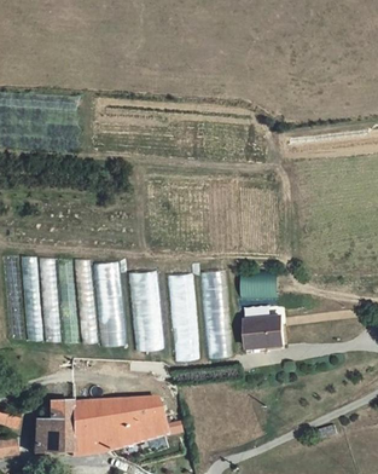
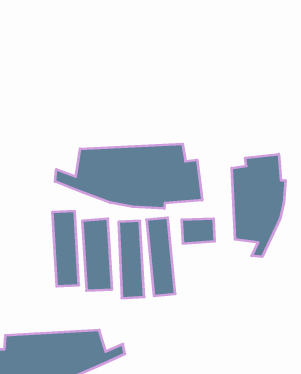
building: none -> [55,144,202,209]
building: none -> [232,154,285,257]
building: [238,316,278,348] -> none

